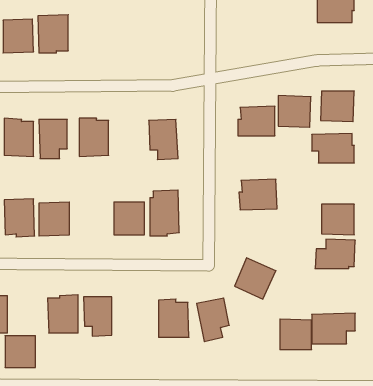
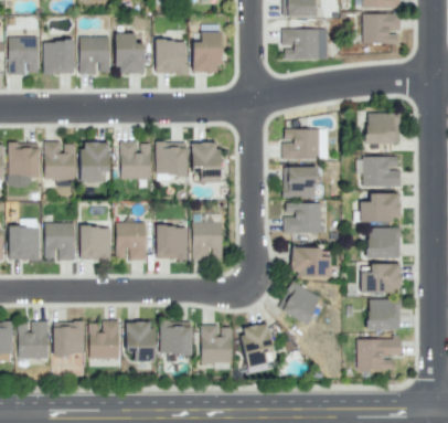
building: none -> [282,29,329,60]
building: none -> [193,32,222,73]
building: none -> [116,33,145,74]
building: none -> [156,41,186,74]
building: [278,96,311,127] -> [284,167,317,199]
building: none -> [157,142,188,177]
building: none -> [360,194,401,222]
building: none -> [117,223,147,261]
building: none -> [292,247,331,276]
building: none -> [160,321,192,356]
building: [280,319,312,350] -> [369,299,401,330]
building: [5,336,35,367] -> [54,322,85,355]

